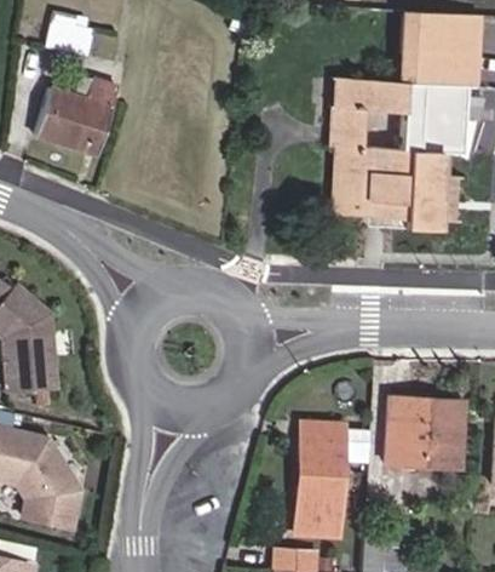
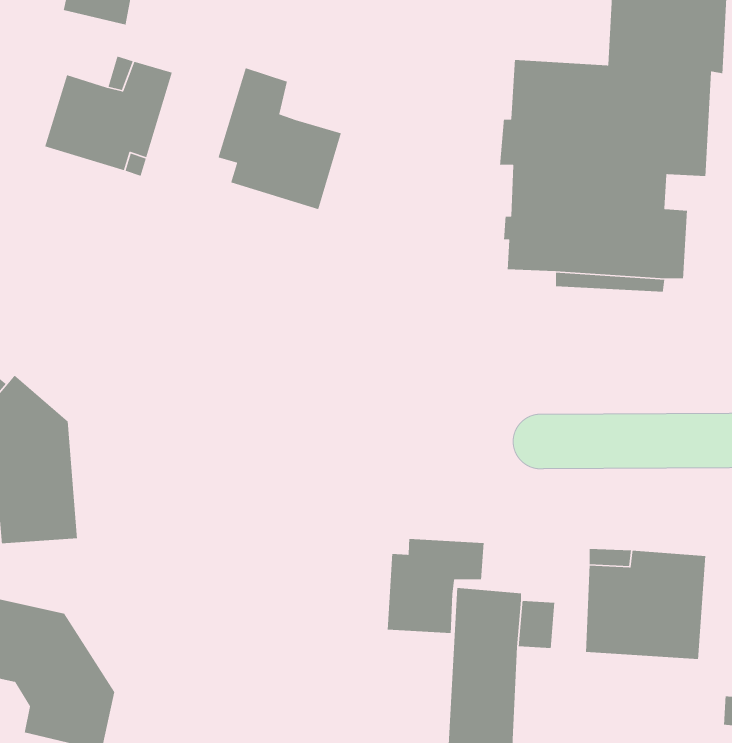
building: none -> [217,67,342,210]
building: none -> [387,538,485,634]

